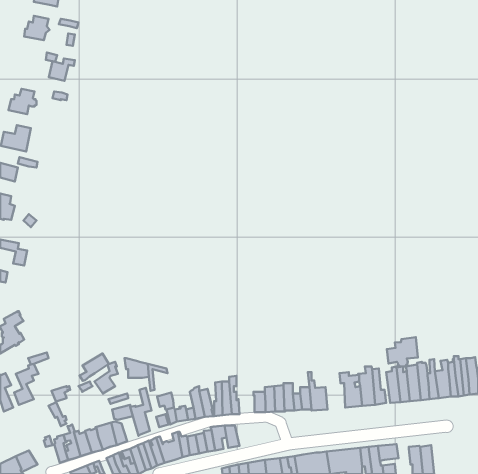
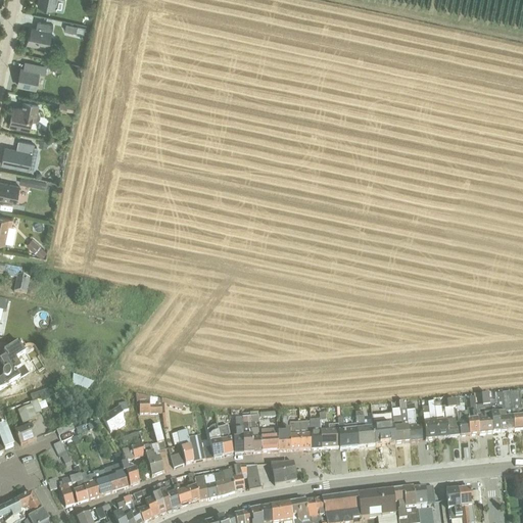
building: [49,58,75,81] -> [17,60,46,85]
building: [387,337,418,367] -> none
building: [79,354,109,381] -> none
building: none -> [355,411,375,447]
building: none -> [260,429,278,453]
building: none -> [270,463,296,484]

